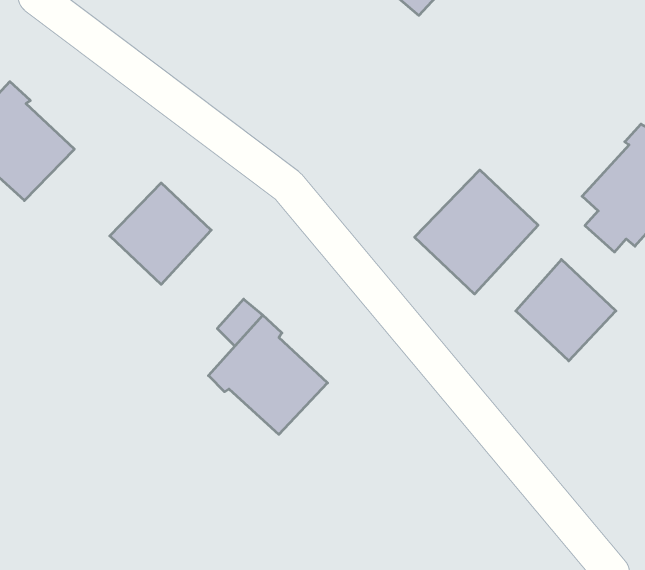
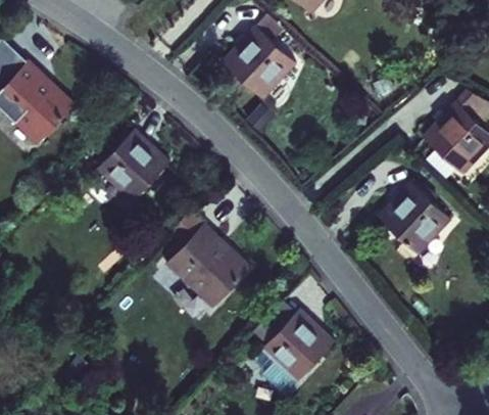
building: none -> [225,28,296,98]
building: [415,170,538,294] -> none
building: none -> [254,310,333,389]

